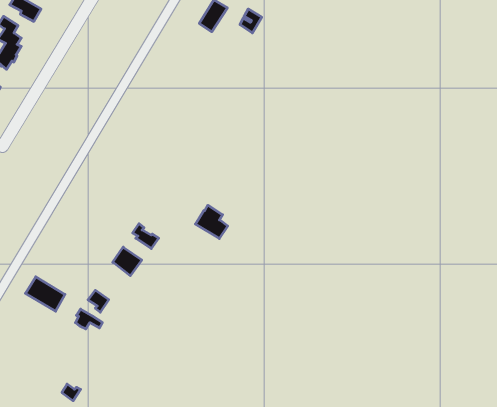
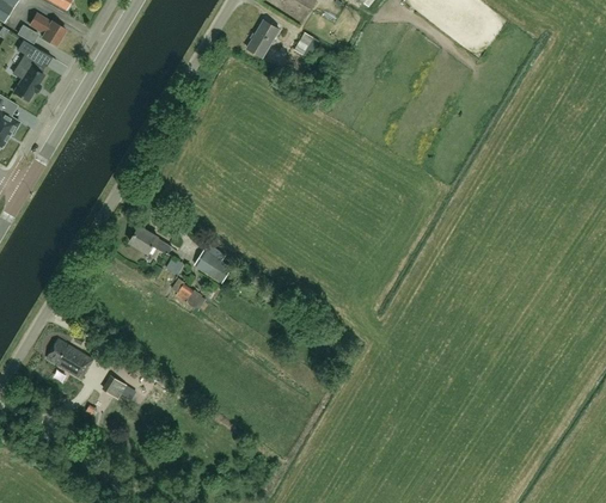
building: none -> [131,225,173,252]
building: [195,205,228,239] -> [194,243,231,281]
building: [113,247,142,276] -> none

